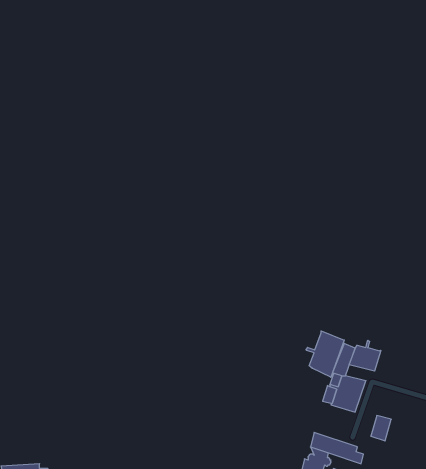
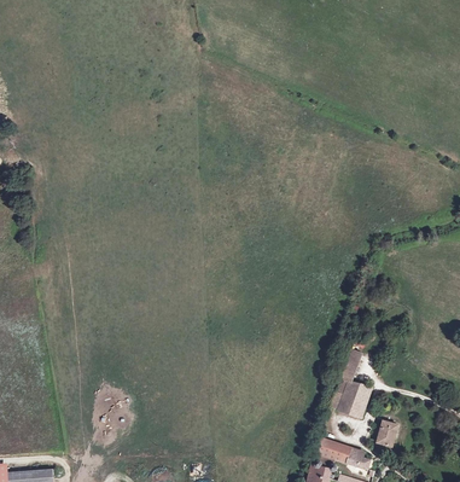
building: [306,331,344,377] -> none
building: [349,340,381,371] -> none

